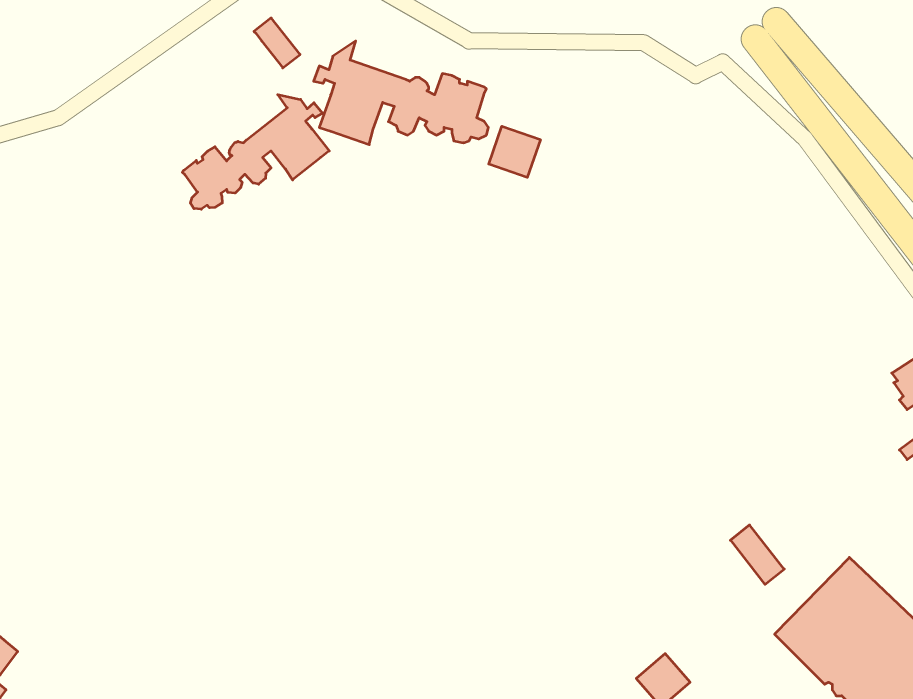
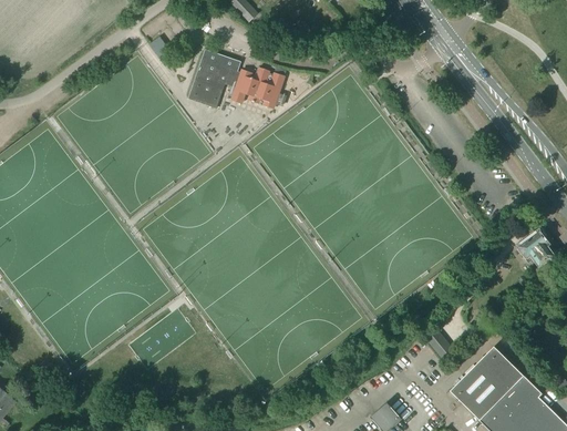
building: [182,95,329,209] -> none
building: [489,126,540,177] -> none

